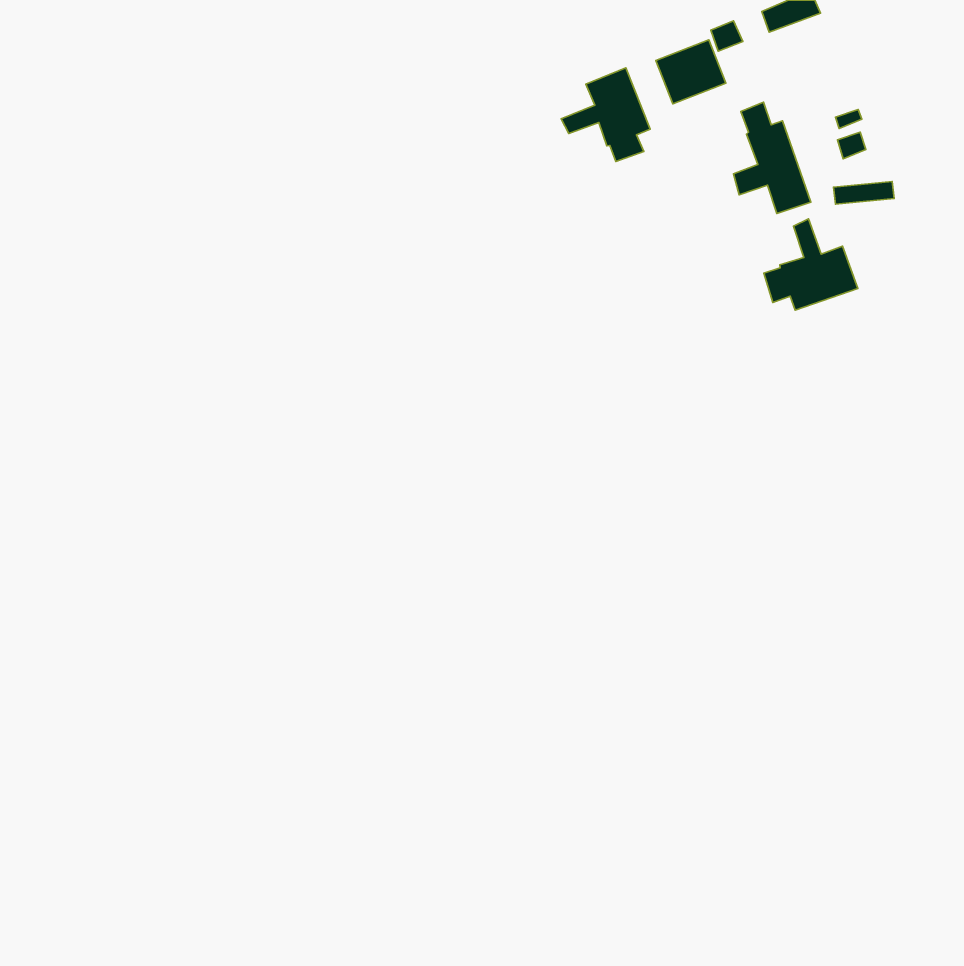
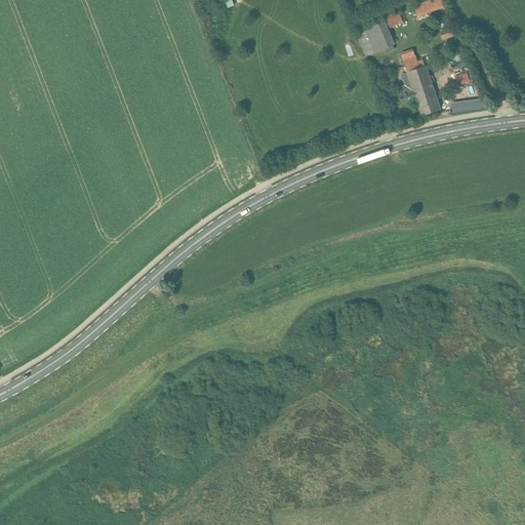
building: [561,68,650,161] -> none
building: [764,219,858,310] -> none

